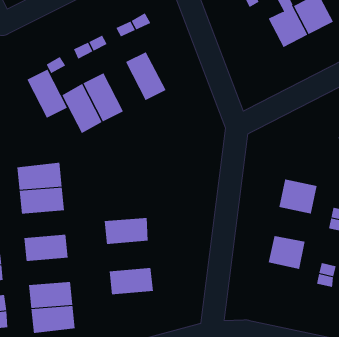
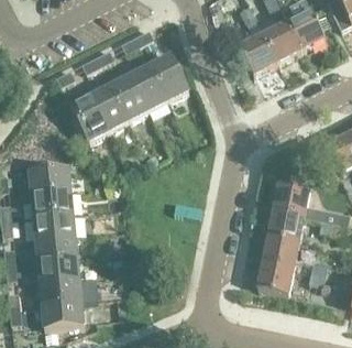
building: none -> [239,32,277,73]
building: none -> [150,53,188,99]
building: [27,69,68,118] -> [110,73,148,119]
building: none -> [268,208,304,240]
building: [104,217,149,245] -> [33,211,75,237]
building: none -> [257,260,293,293]
building: [109,268,154,295] -> [37,255,79,281]

